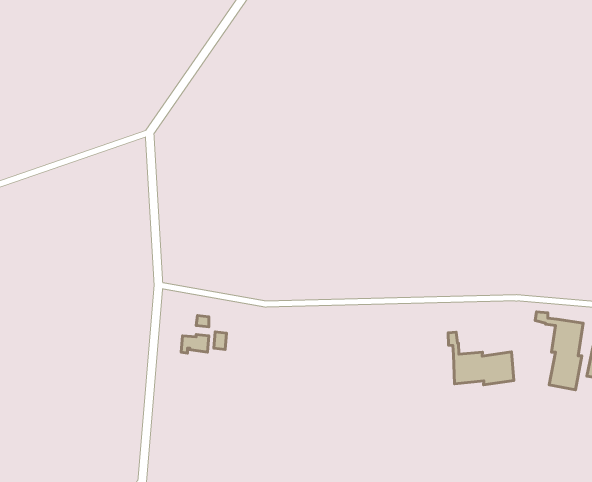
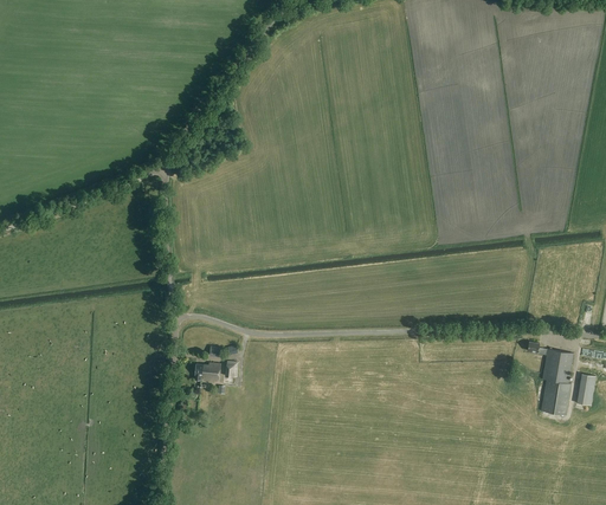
building: [448,332,514,385] -> none

